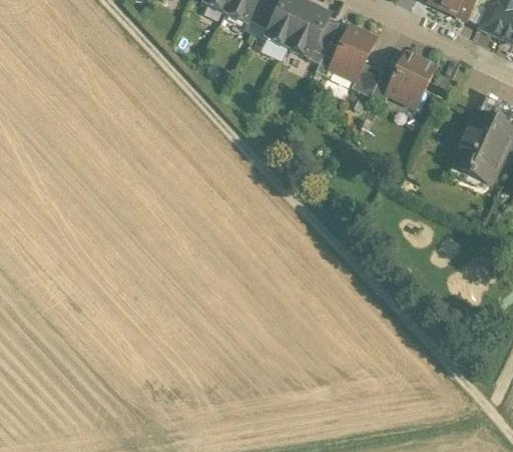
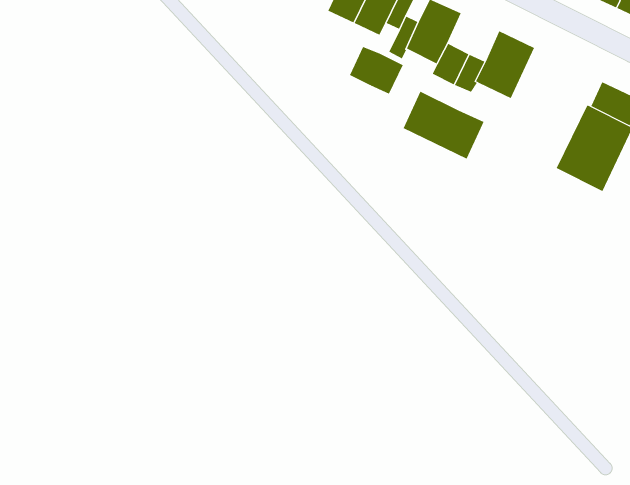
building: none -> [349,46,404,95]
building: none -> [403,91,484,159]

